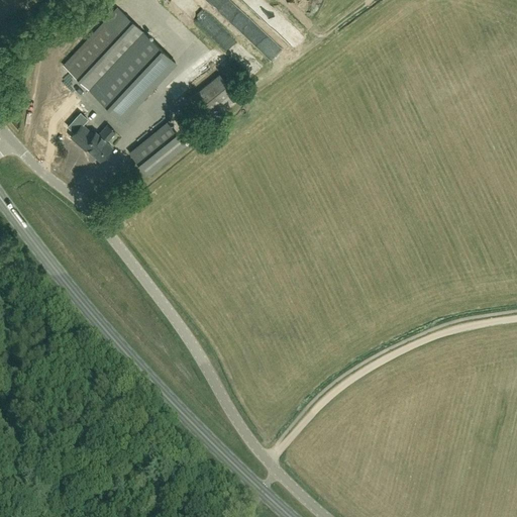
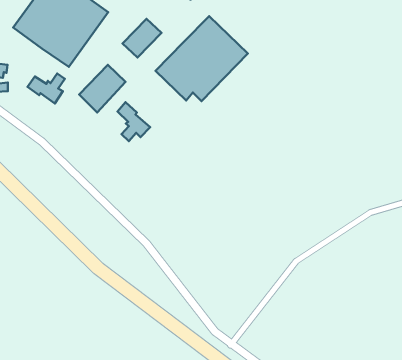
building: none -> [155,16,248,101]
building: none -> [117,102,150,141]

